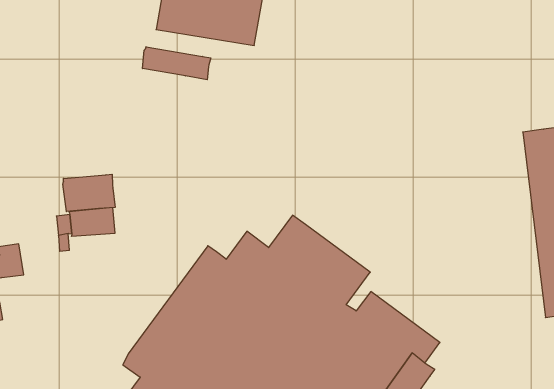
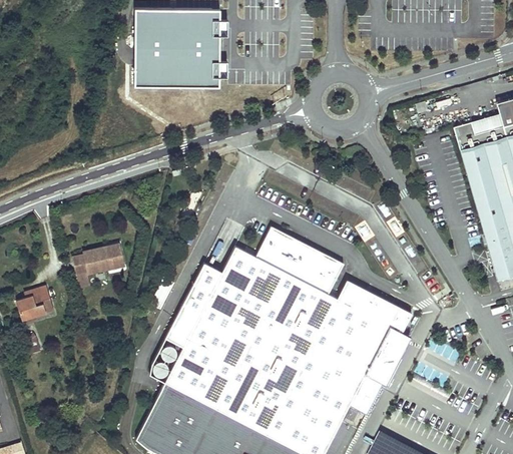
building: [143,47,211,80] -> none
building: [63,174,115,212] -> none

